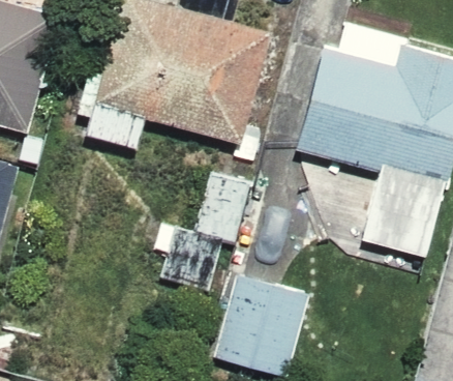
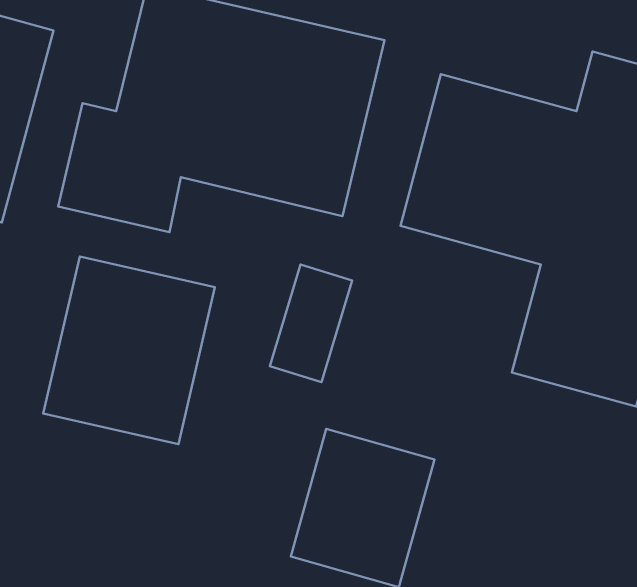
building: none -> [43,256,215,444]

